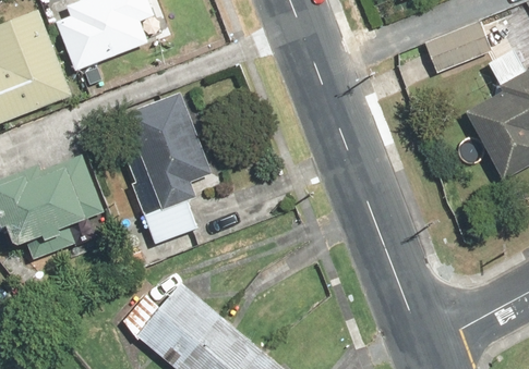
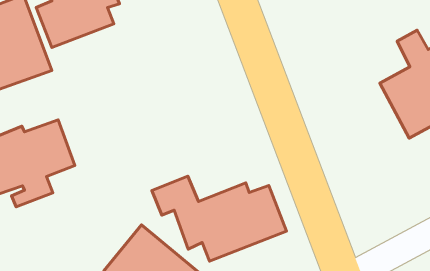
building: [424,22,492,72] -> none
building: [124,93,212,245] -> none
building: none -> [152,176,286,261]

